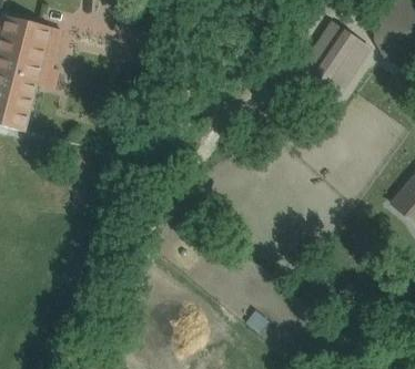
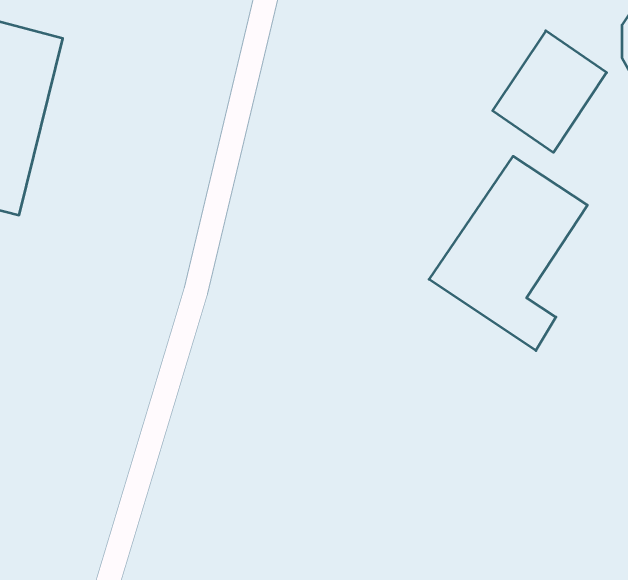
building: none -> [429,156,587,351]

